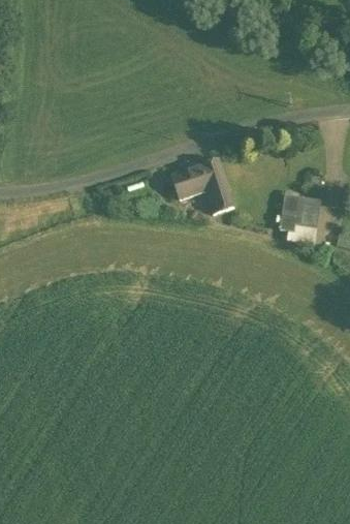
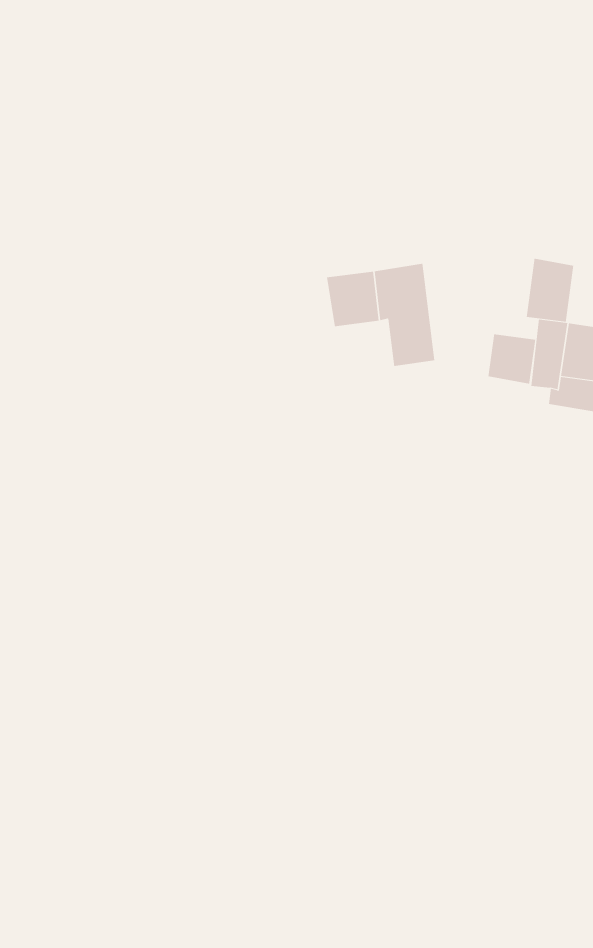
building: none -> [526,258,574,322]
building: none -> [488,333,536,385]

